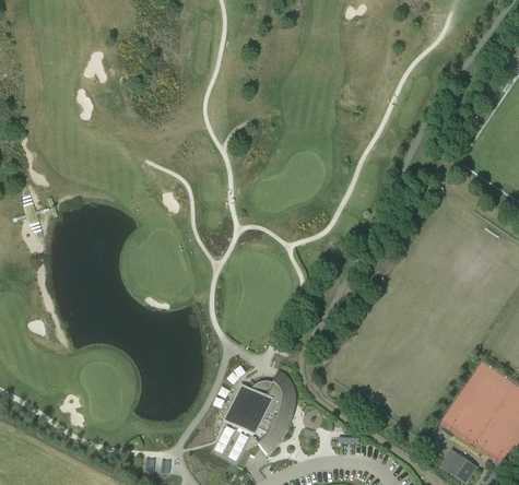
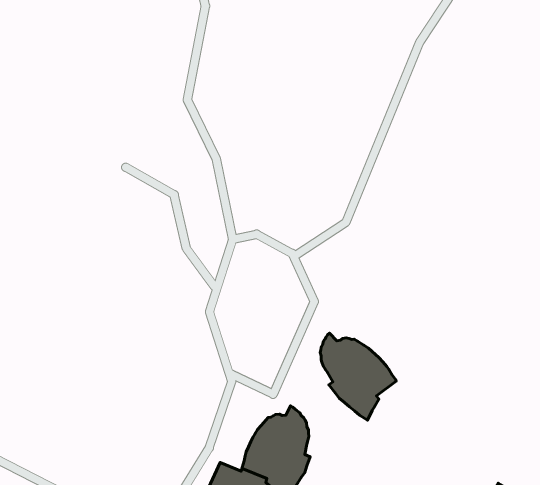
building: none -> [320,333,396,420]

